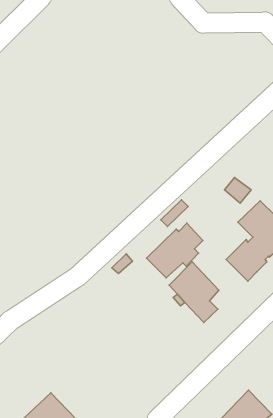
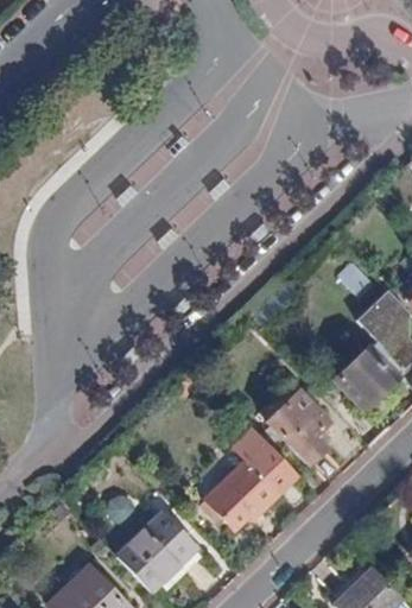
building: [146,223,203,278] -> [204,450,285,528]
building: none -> [116,512,194,593]

